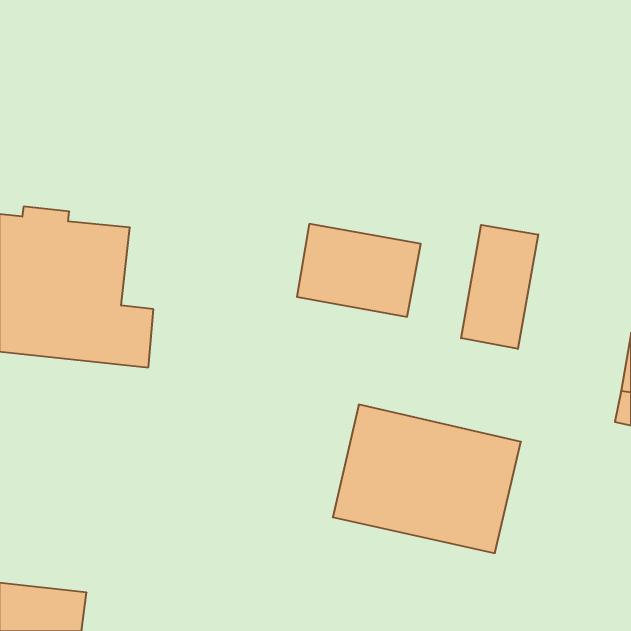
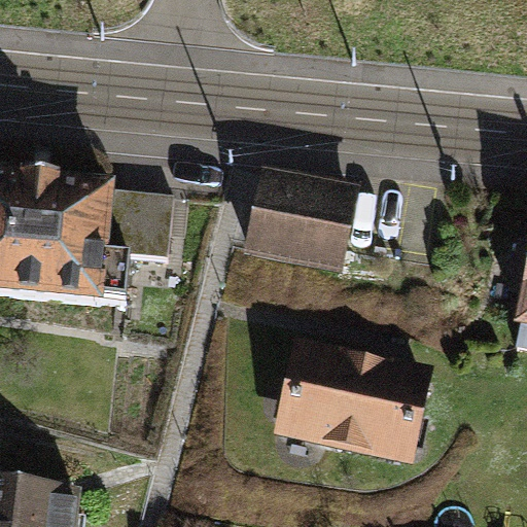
building: [461,225,538,349] -> none
building: none -> [101,189,170,260]

